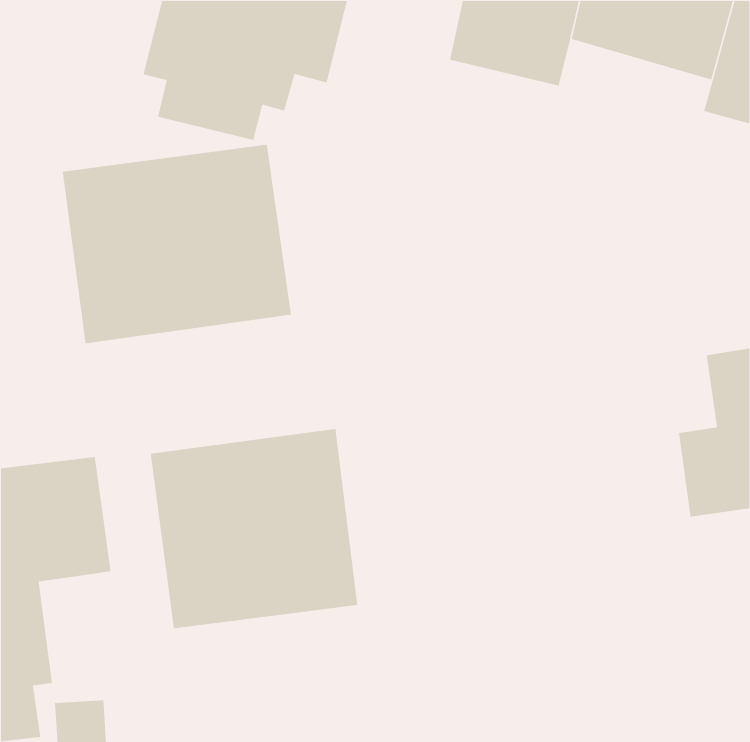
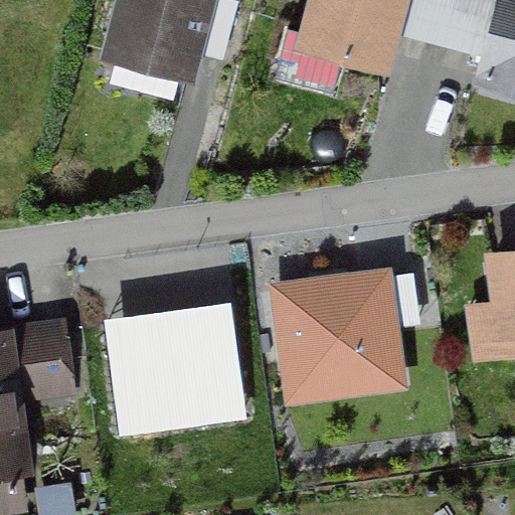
building: [62,144,292,344] -> none
building: none -> [269,265,420,405]

